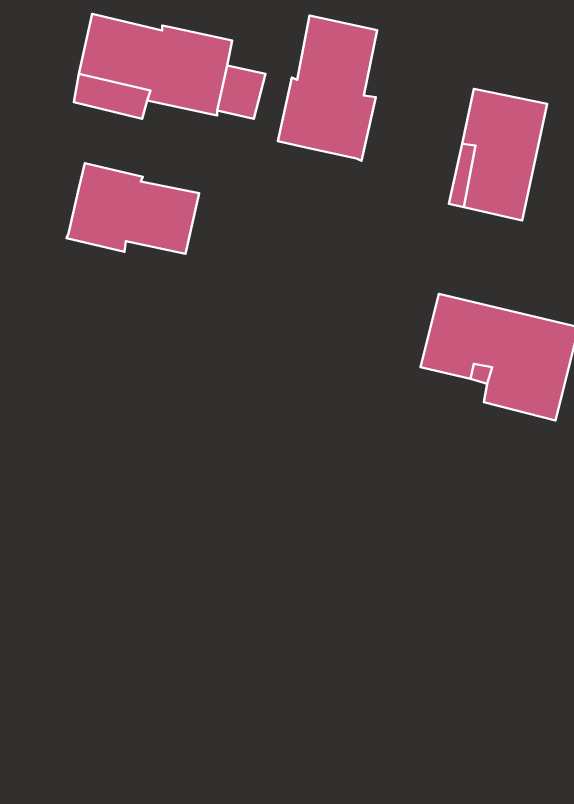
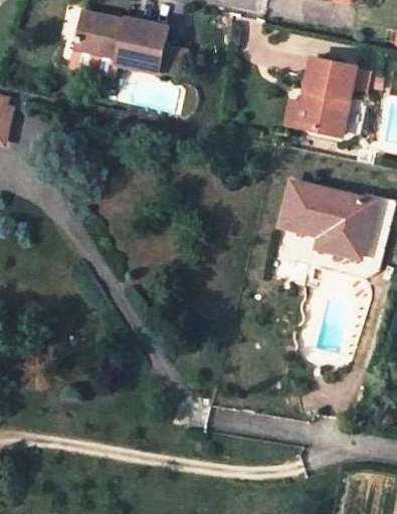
building: [278,15,377,161] -> none
building: [67,163,199,254] -> none

